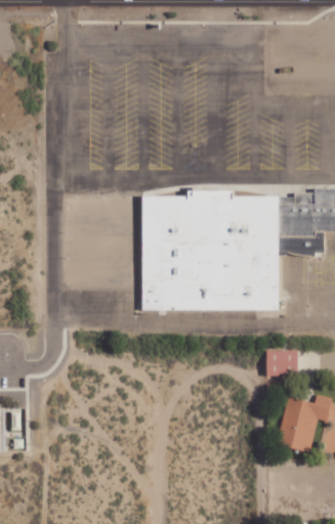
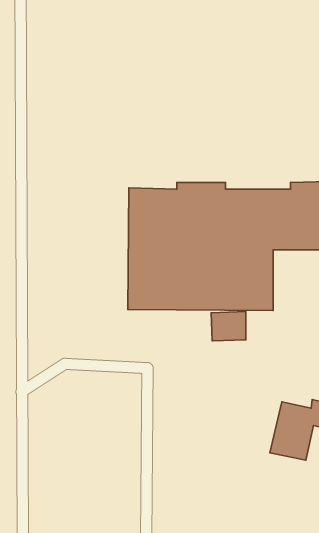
building: [265,349,298,377] -> [211,312,246,341]

